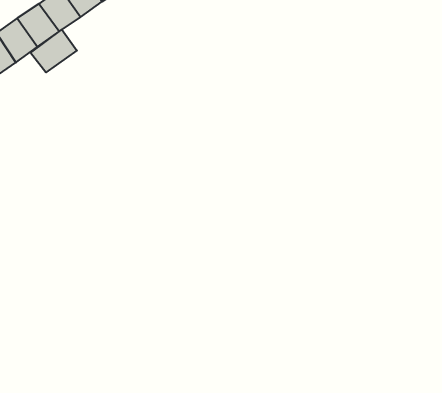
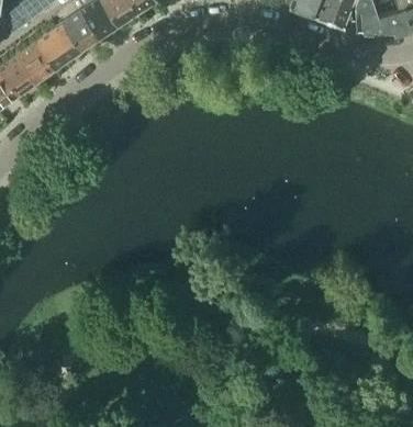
building: [30,30,77,72] -> none

